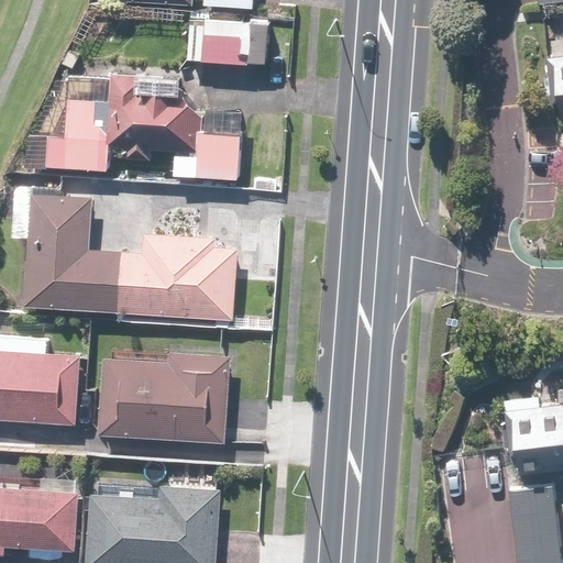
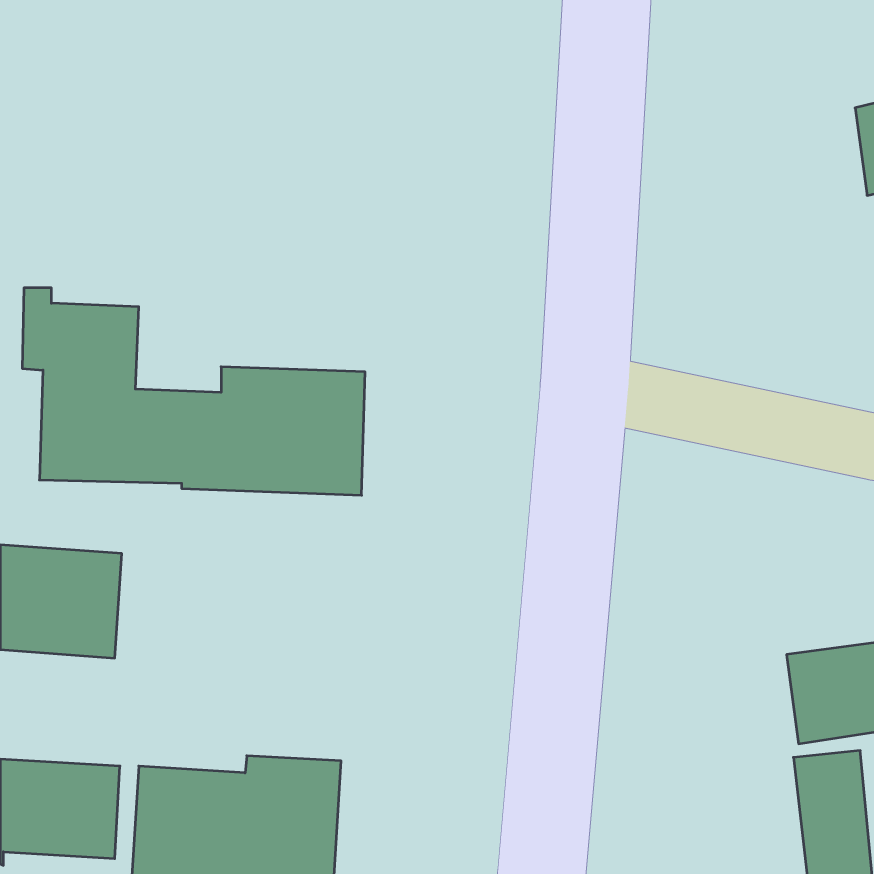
building: [187,20,253,65] -> none
building: [38,79,241,179] -> none
building: [98,353,231,440] -> none

